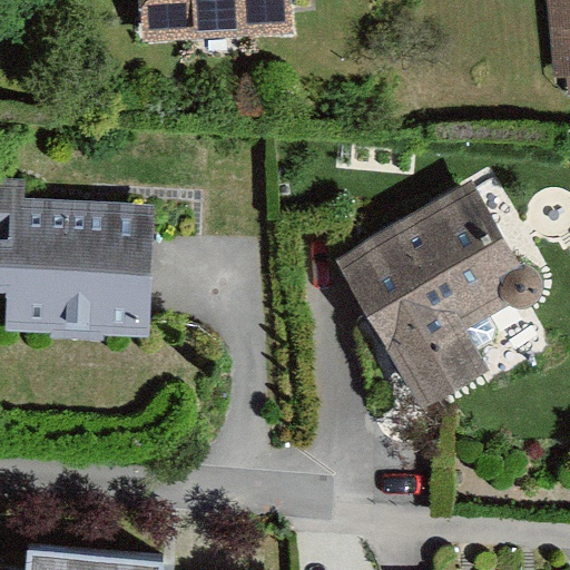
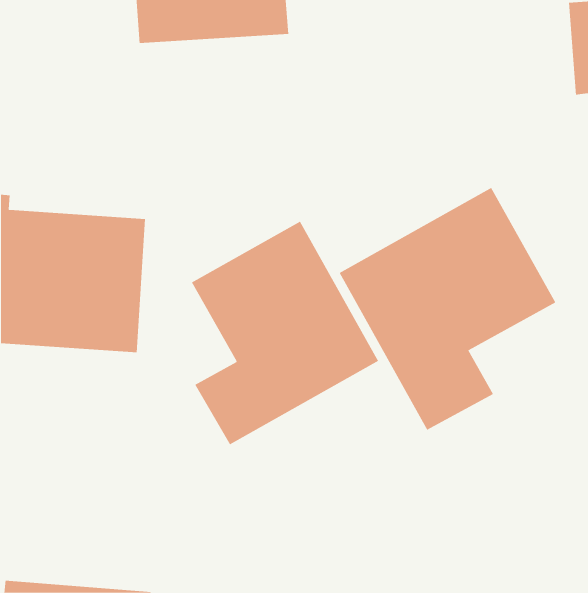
building: none -> [191,221,379,445]

